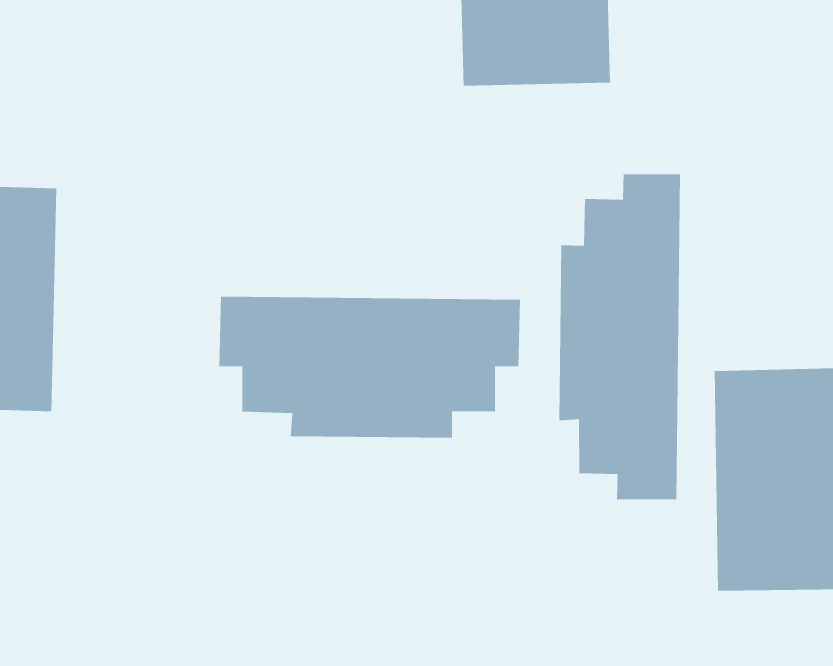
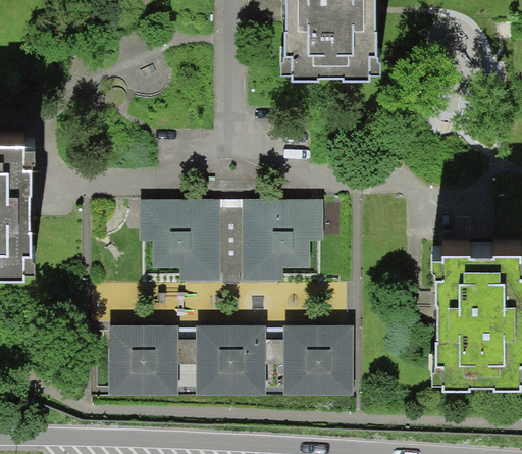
building: [558,174,681,500] -> none
building: none -> [104,325,348,397]

